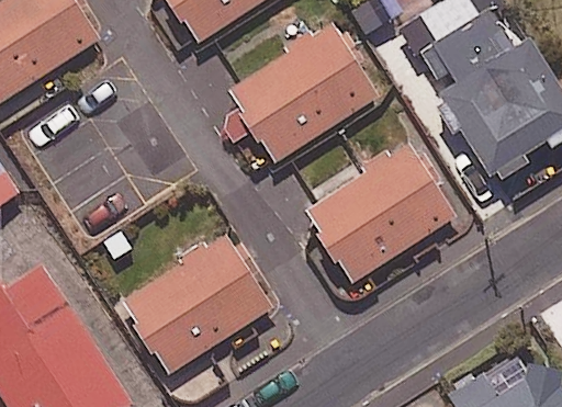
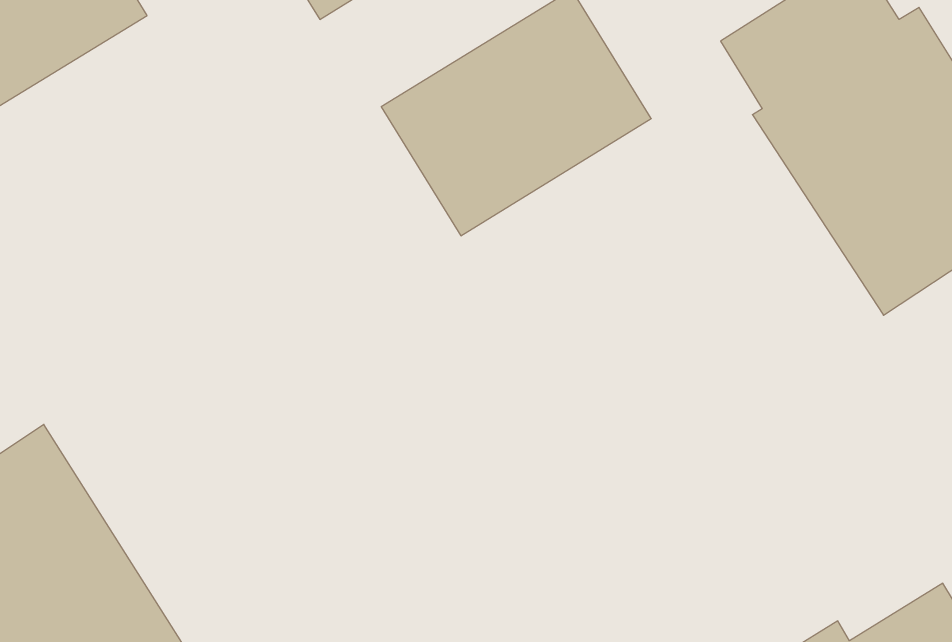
building: [304,144,454,282] -> none
building: [121,234,271,372] -> none

